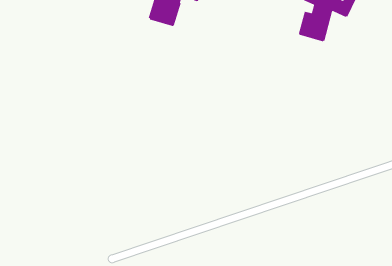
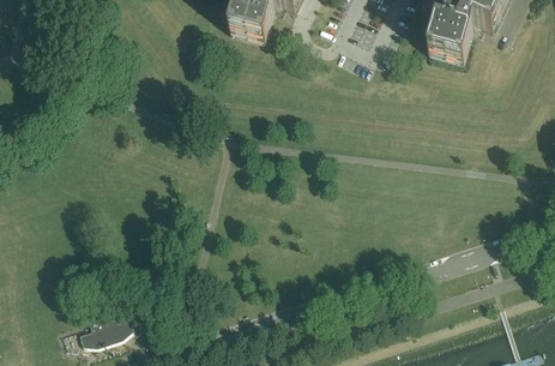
building: none -> [76,311,129,348]

